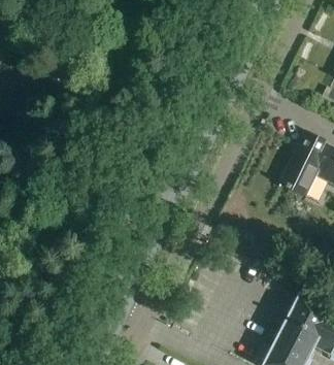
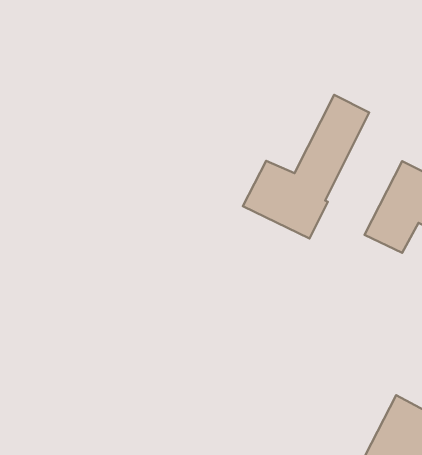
building: none -> [243,95,369,239]

